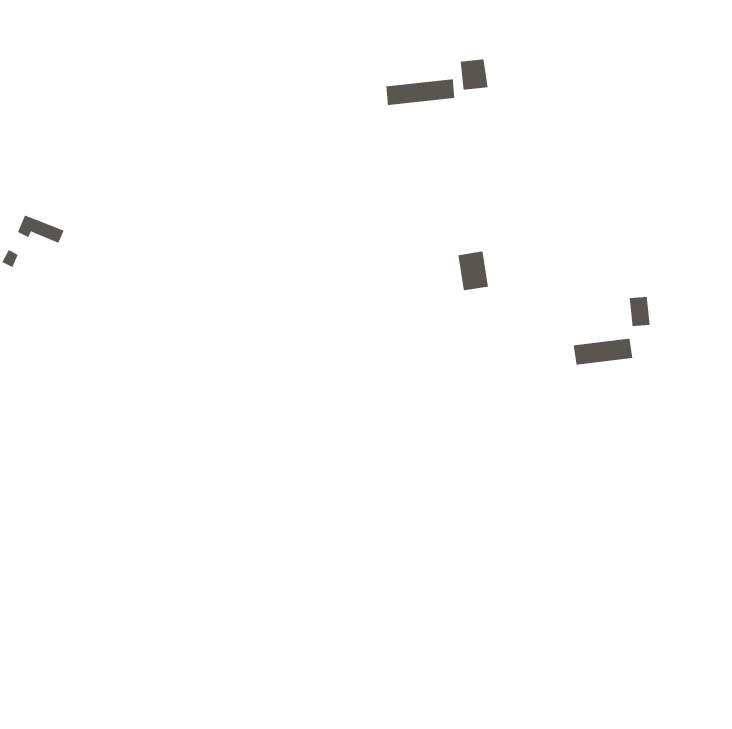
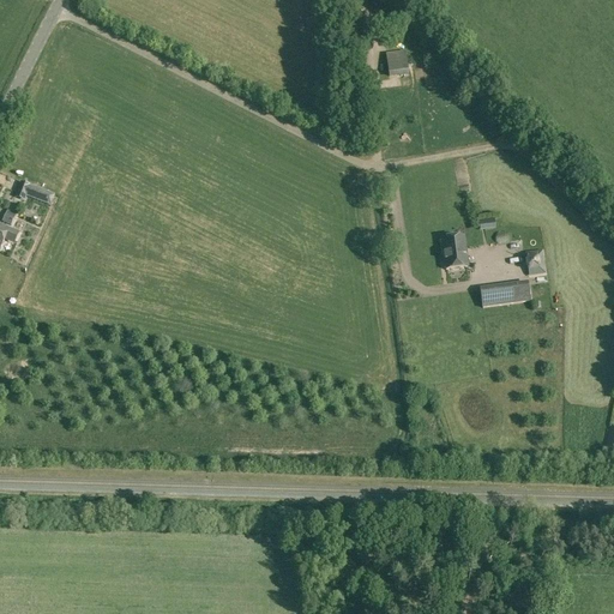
building: [386,78,455,106] -> none
building: [457,251,489,291] -> [441,235,468,269]

